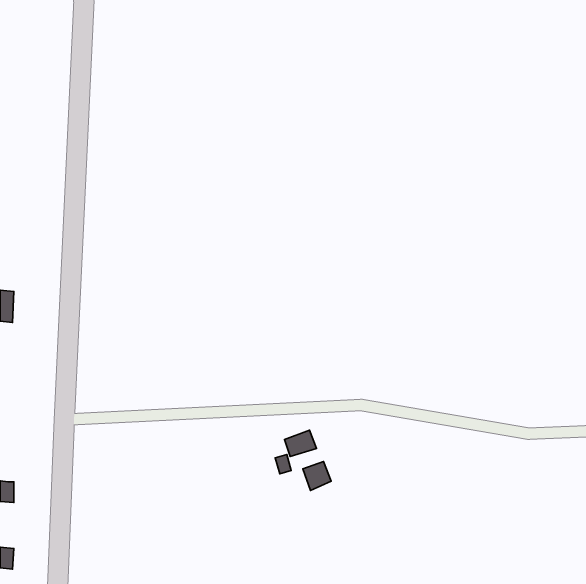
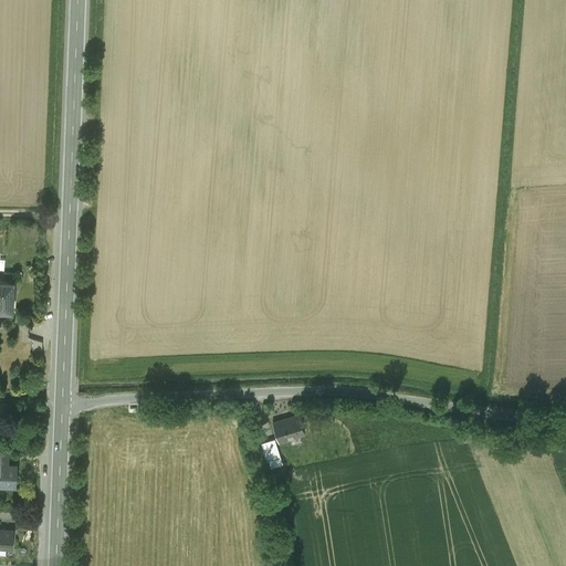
building: [303,462,331,491] -> none

